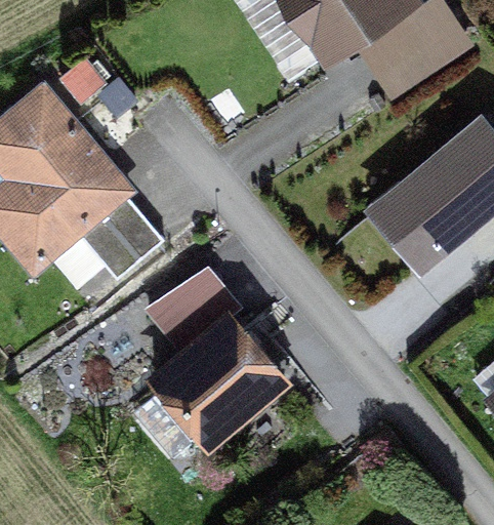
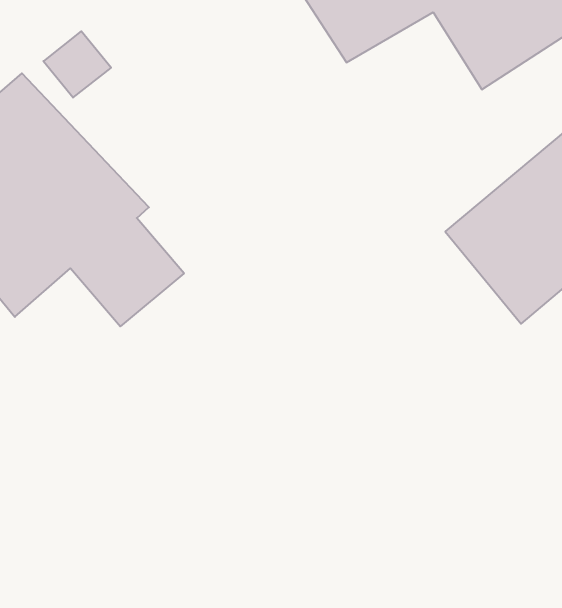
building: [134,265,285,459] -> none

